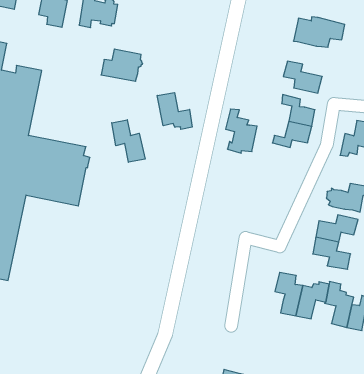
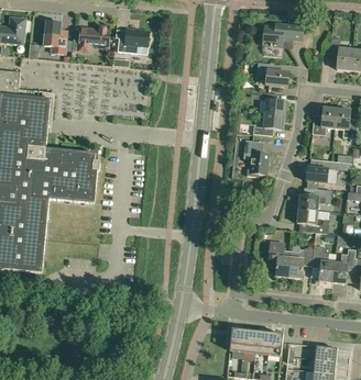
building: [101,49,143,81] -> [117,29,151,54]
building: [157,93,192,129] -> none
building: [226,109,257,153] -> [242,141,269,177]
building: [112,120,145,162] -> none

